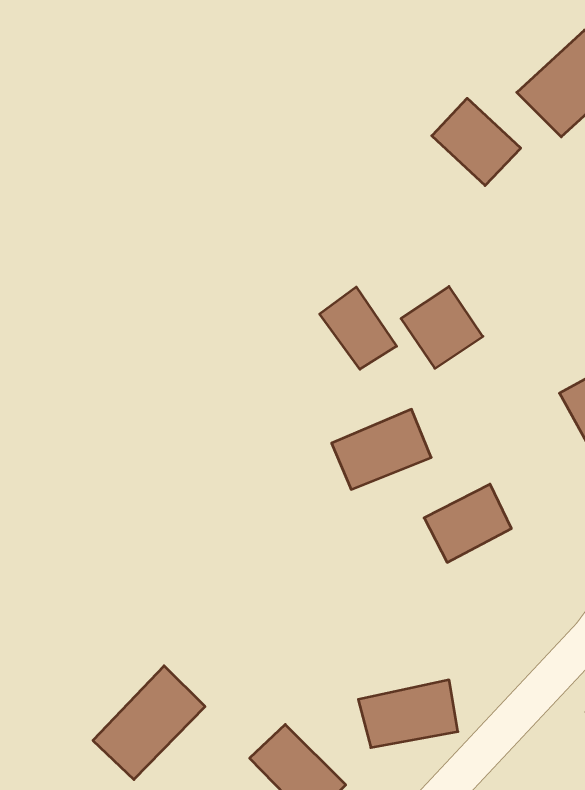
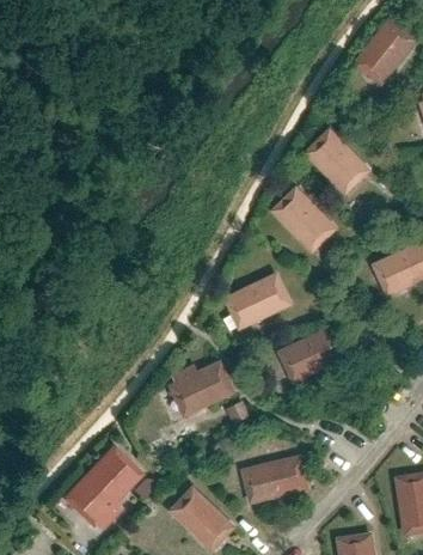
building: [432,98,521,186] -> [308,138,368,196]
building: [320,287,397,369] -> none
building: none -> [160,358,231,417]

